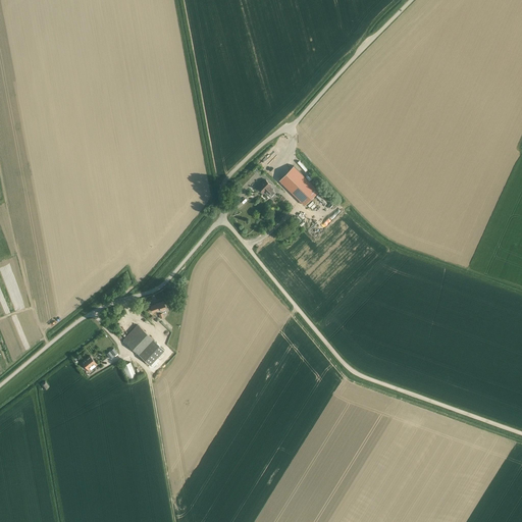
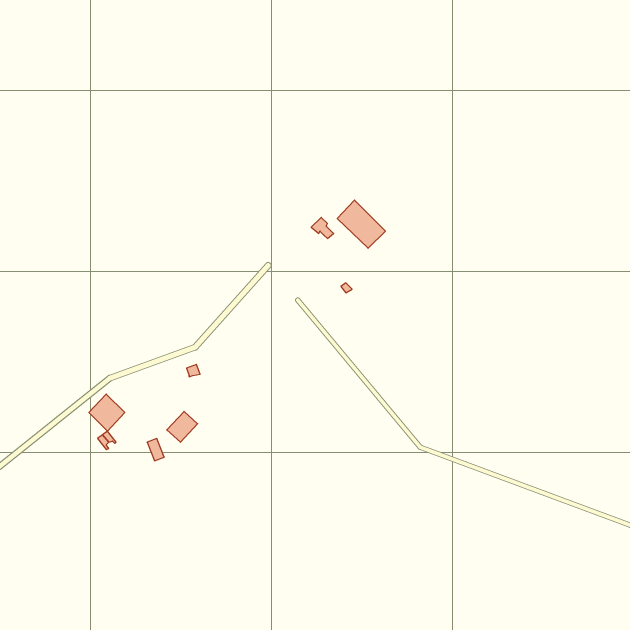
building: [122,325,152,356] -> [89,394,125,431]

